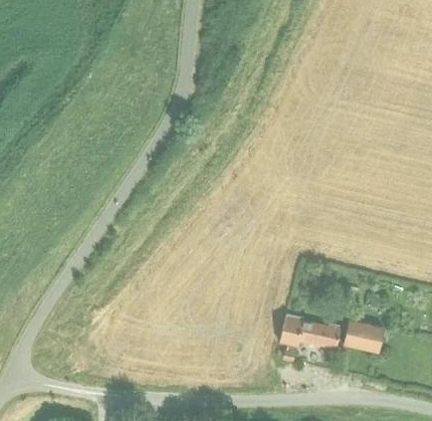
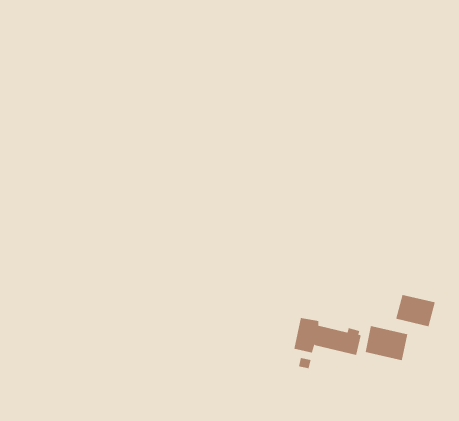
building: none -> [395,294,435,327]

